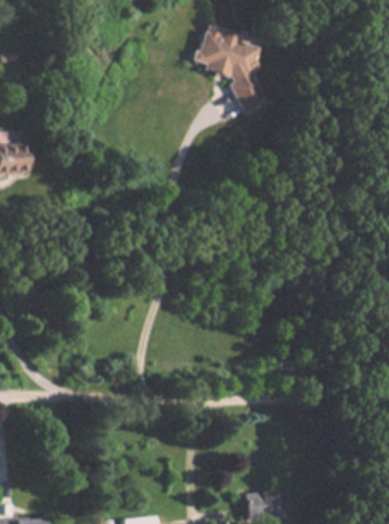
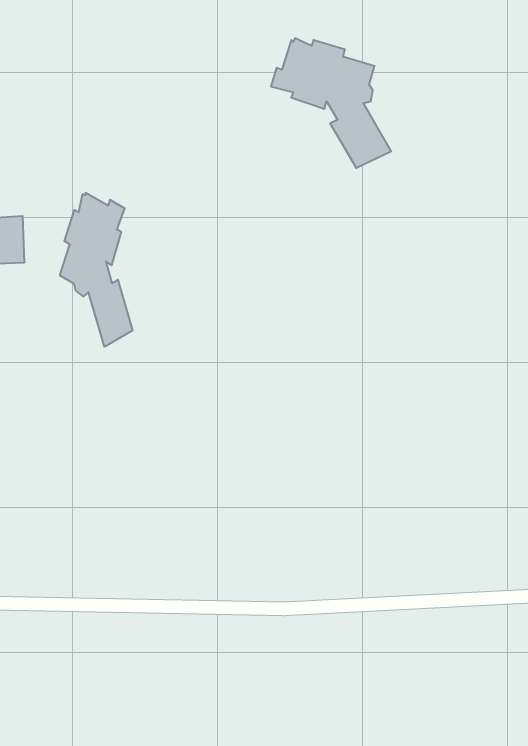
building: none -> [60,193,132,347]

